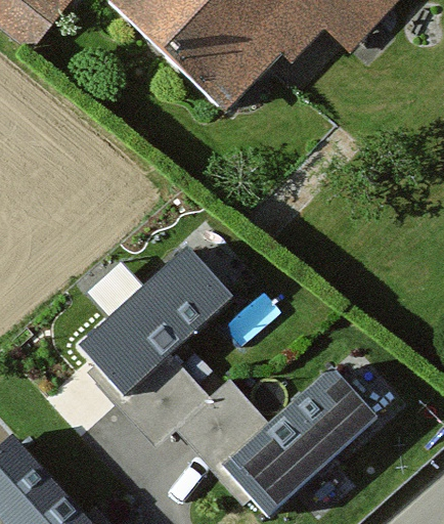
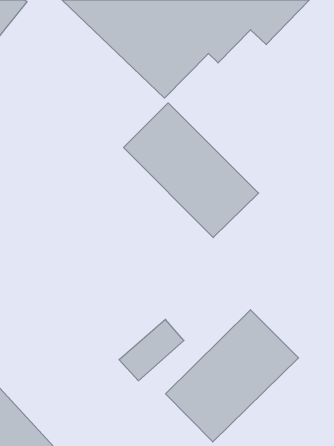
building: none -> [124,103,259,238]
building: [74,235,235,396] -> none

